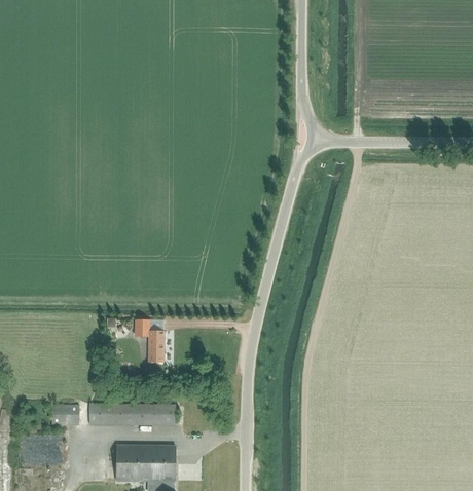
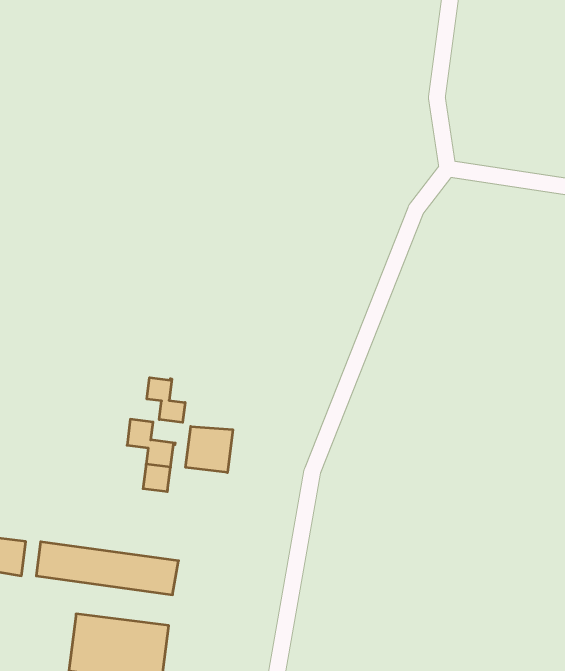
building: none -> [147,378,185,422]
building: none -> [186,426,233,473]

